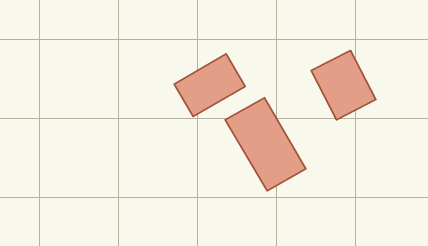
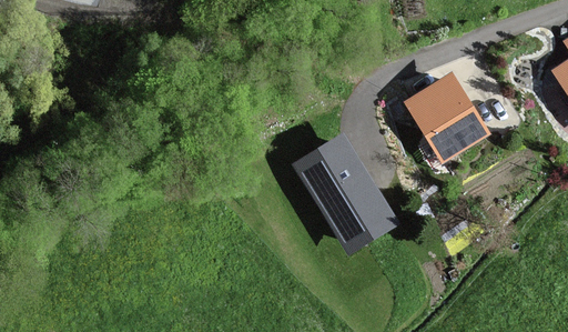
building: [174,54,245,117] -> none

